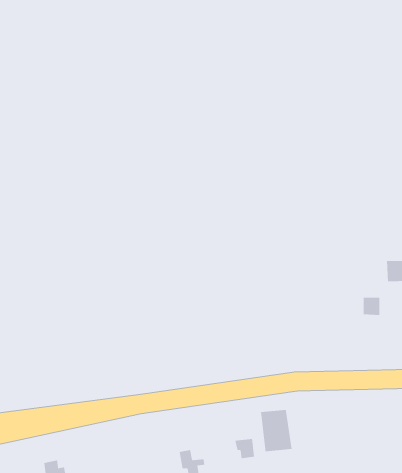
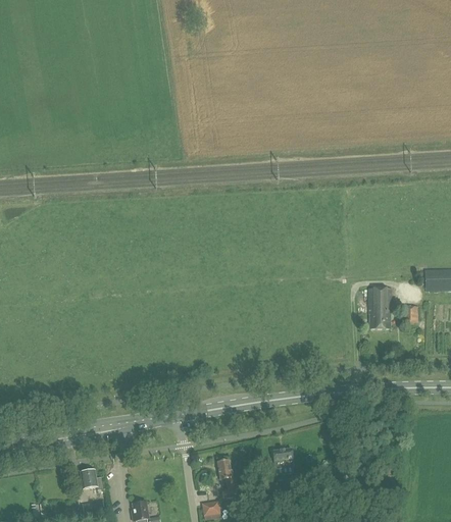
building: none -> [368,288,391,327]
building: [261,409,292,452] -> none

